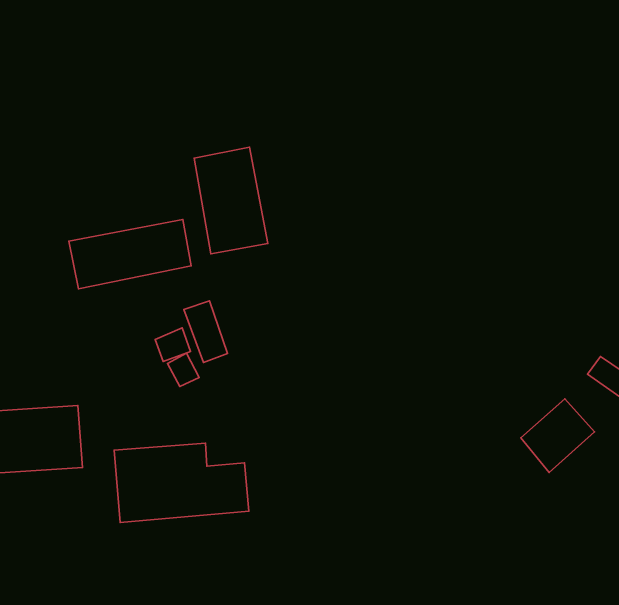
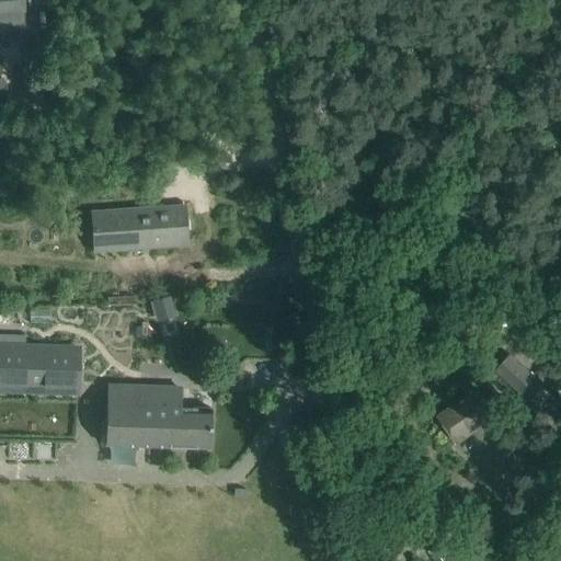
building: [194,147,268,254] -> none
building: [184,301,228,363] -> none

